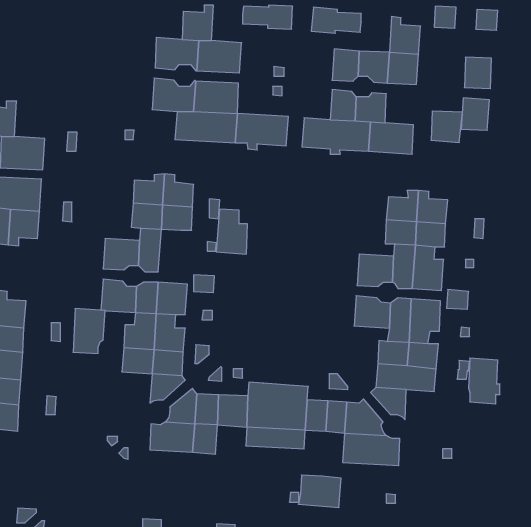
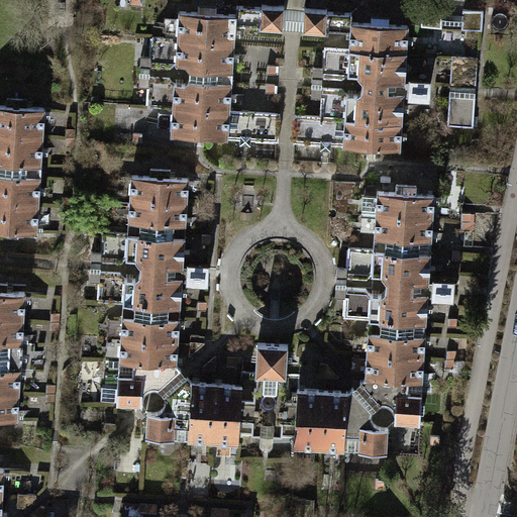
building: none -> [205,10,235,46]
building: none -> [348,21,380,56]
building: none -> [14,103,44,139]
building: [431,111,462,142] -> [374,96,404,126]
building: [216,209,247,254] -> [153,227,184,271]
building: [73,309,105,353] -> [116,366,147,409]
building: none -> [255,347,287,379]
building: [469,358,500,404] -> [393,383,423,427]
building: none -> [209,417,239,447]
building: [298,475,341,507] -> [293,422,334,453]

